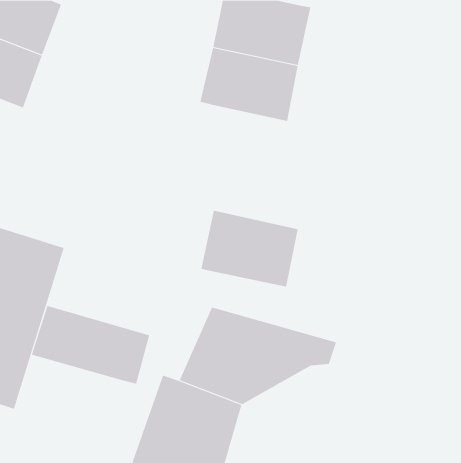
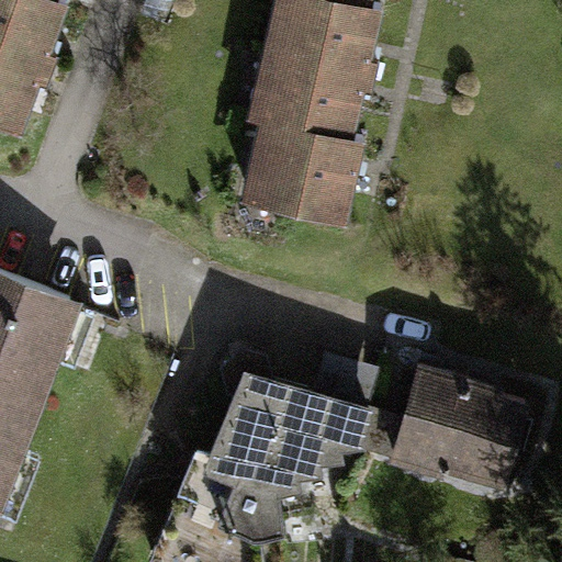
building: [201,210,299,287] -> [238,127,357,221]
building: none -> [398,366,530,477]
building: [31,305,150,385] -> none

